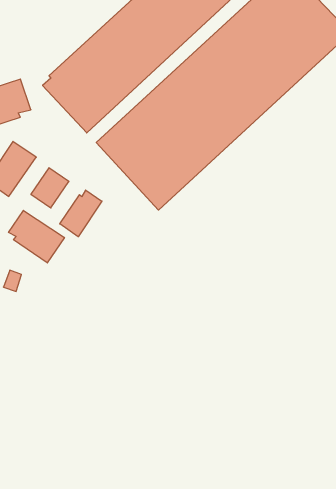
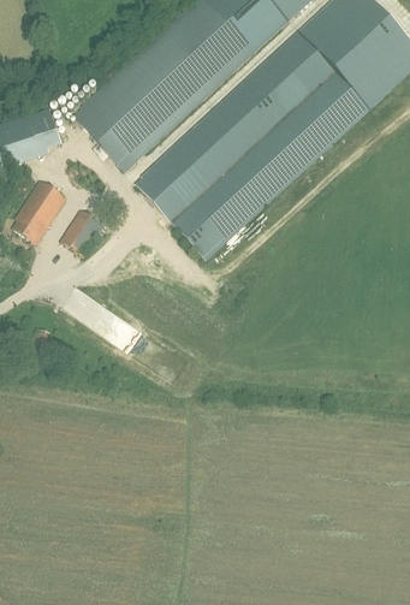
building: [60,190,102,237] -> none
building: [9,210,64,263] -> none

